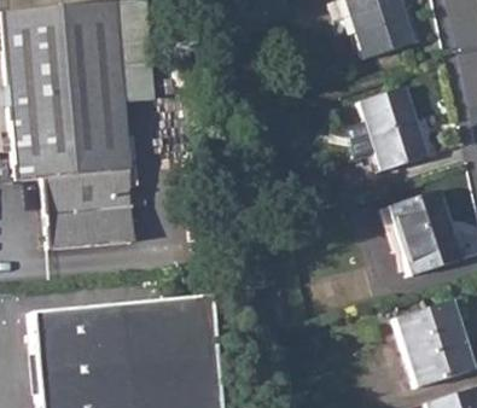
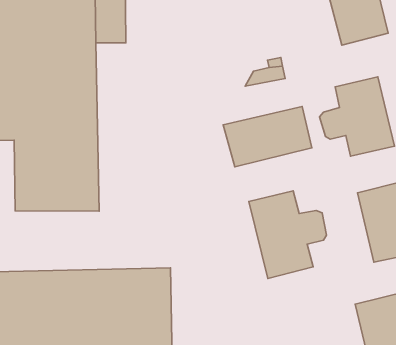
building: none -> [223,106,312,167]
building: none -> [249,191,326,279]

